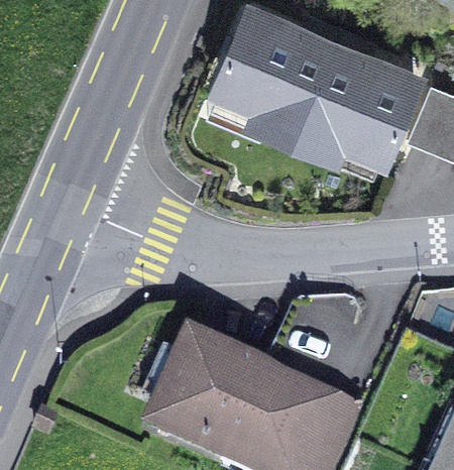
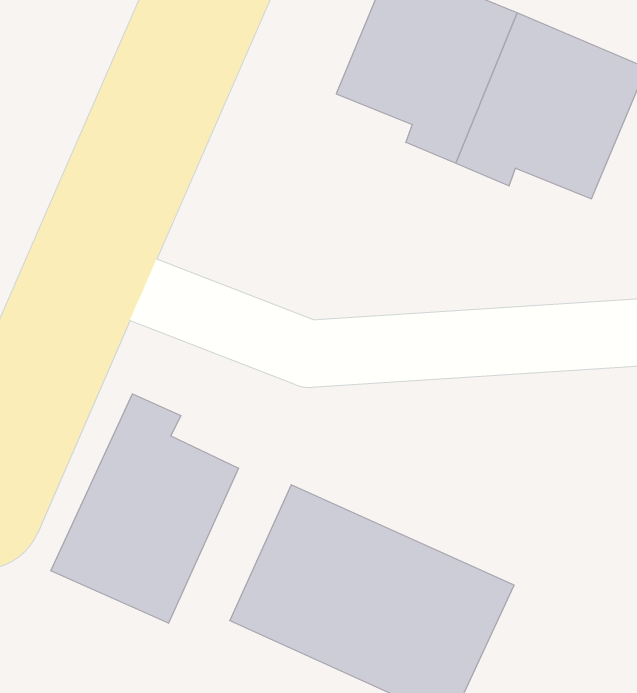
building: none -> [51,394,239,623]

